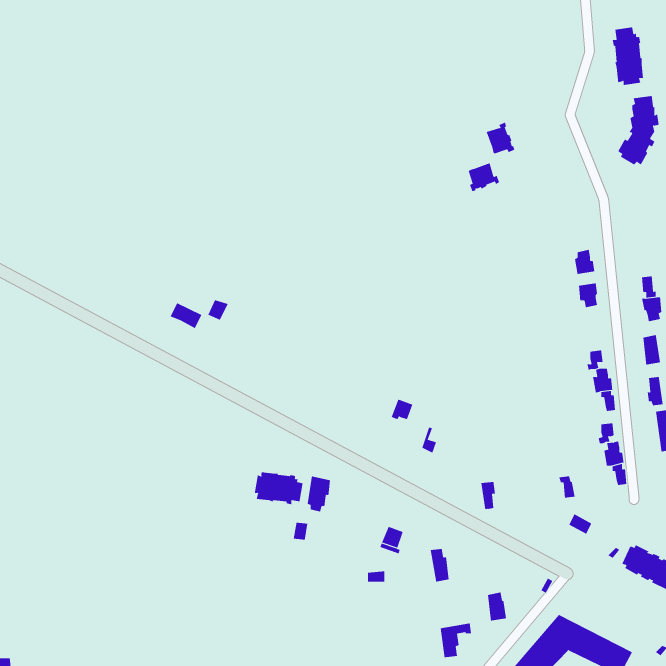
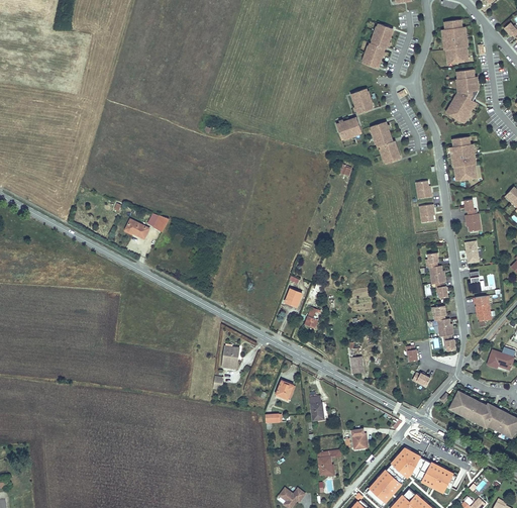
building: none -> [363,21,392,65]
building: none -> [372,123,401,165]
building: none -> [450,137,475,180]
building: [254,471,303,505] -> none

